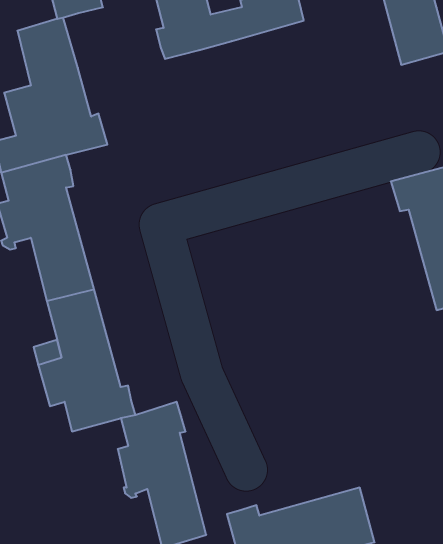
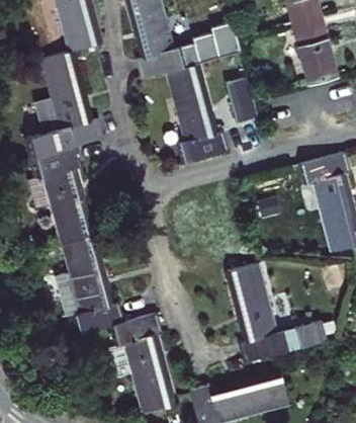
building: none -> [167,64,229,163]
building: none -> [224,78,256,123]
building: none -> [223,263,322,363]

